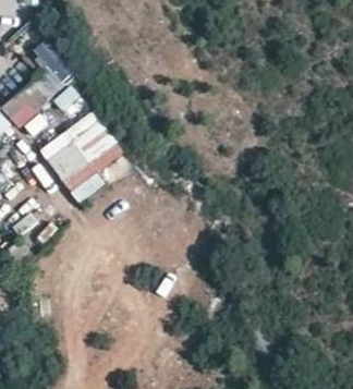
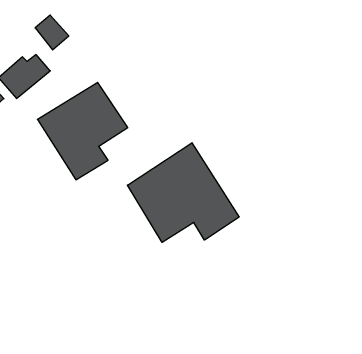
building: none -> [127,143,239,242]

